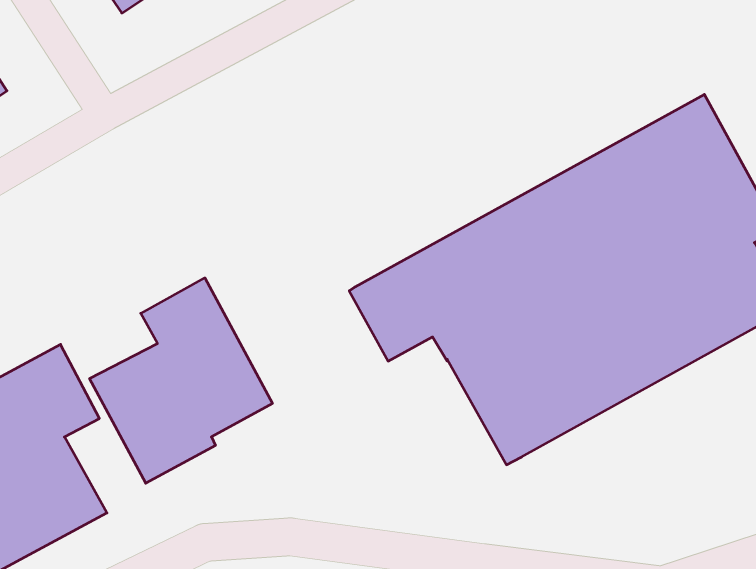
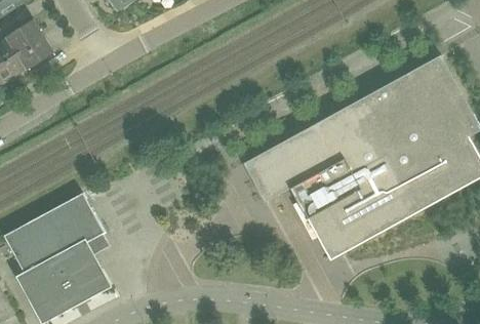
building: [90,278,272,483] -> none

